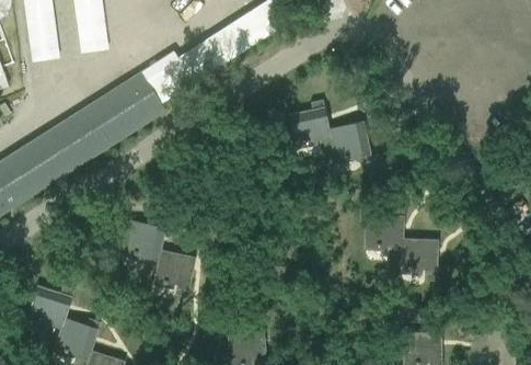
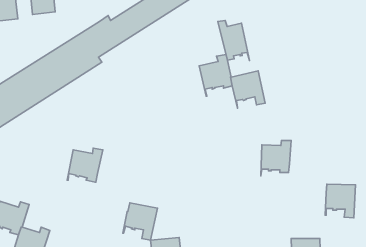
building: none -> [218,20,249,61]
building: [400,239,438,282] -> [325,184,356,218]
building: [151,251,195,298] -> [123,203,158,240]

